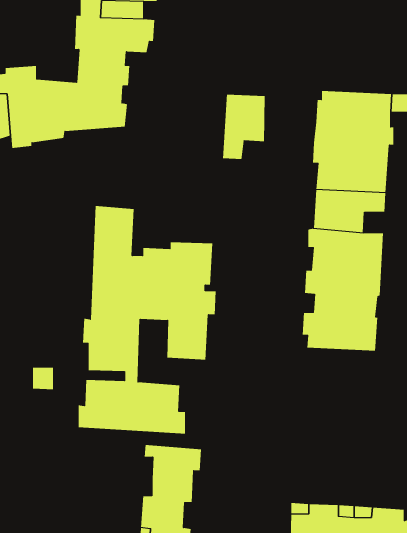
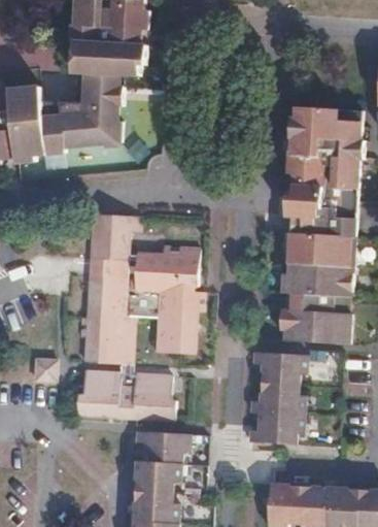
building: [223,94,265,160] -> none
building: none -> [249,352,306,444]

